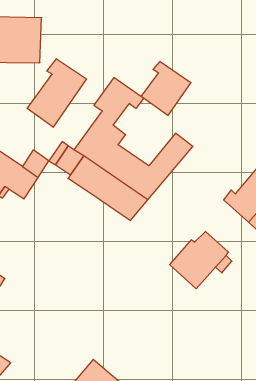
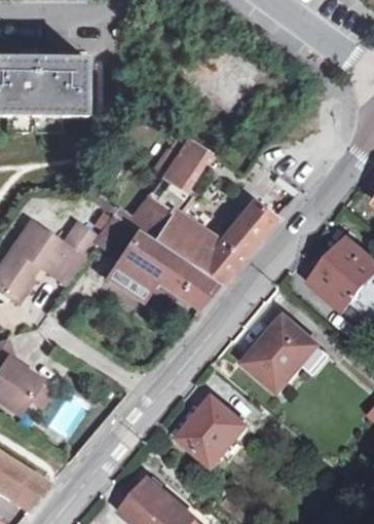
building: [27,59,87,127] -> none
building: [141,61,191,116] -> none
building: none -> [106,256,154,300]
building: none -> [179,400,247,462]

